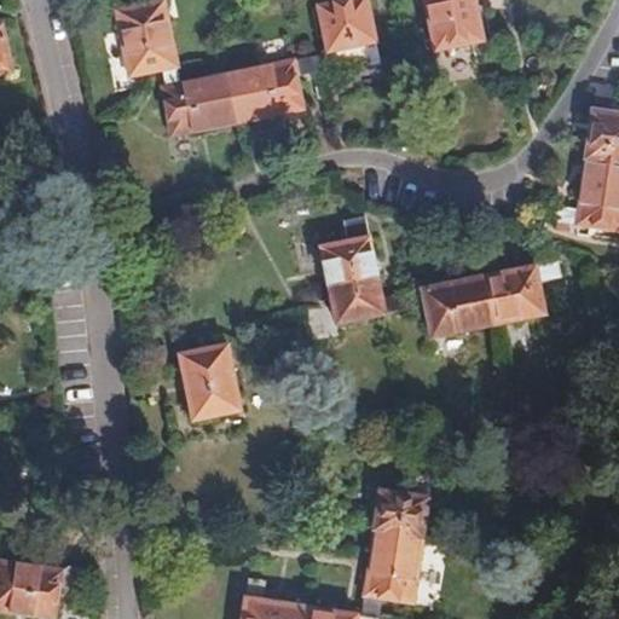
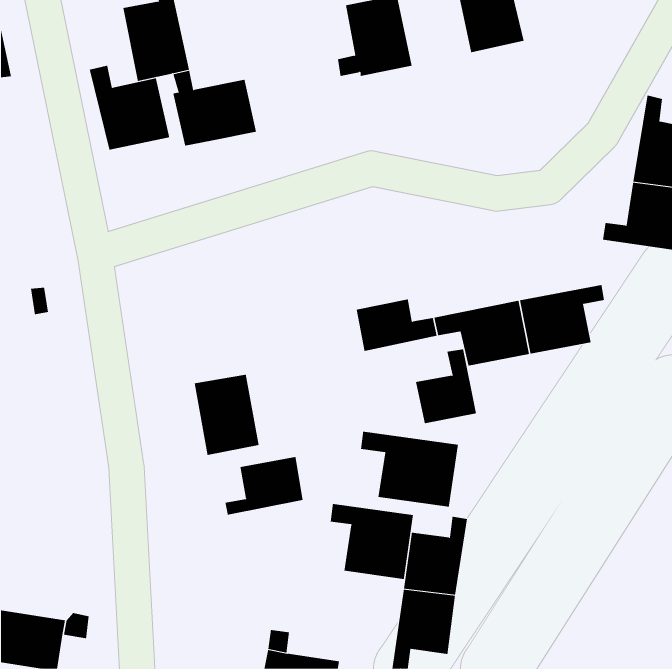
building: [226,54,313,121] -> none
building: none -> [89,65,170,151]
building: [319,215,376,284] -> [415,349,477,424]
building: none -> [361,431,458,508]
building: none -> [225,456,303,515]
building: none -> [330,503,414,580]

